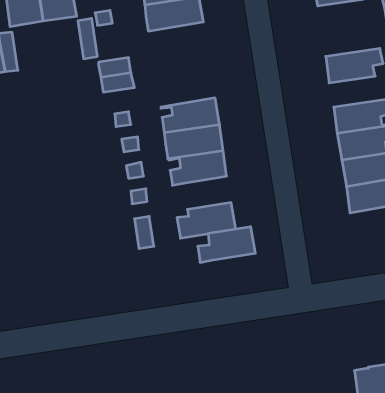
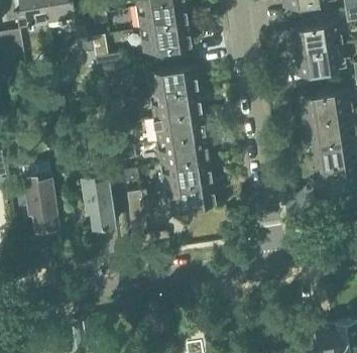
building: none -> [139,23,192,55]
building: none -> [291,23,342,53]
building: none -> [147,68,198,98]
building: none -> [18,165,59,230]
building: none -> [81,172,116,229]
building: [198,227,255,262] -> [161,158,212,190]

